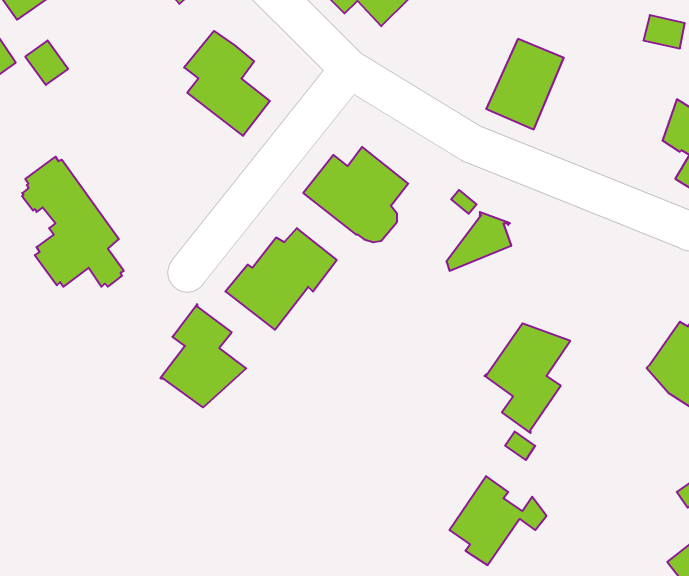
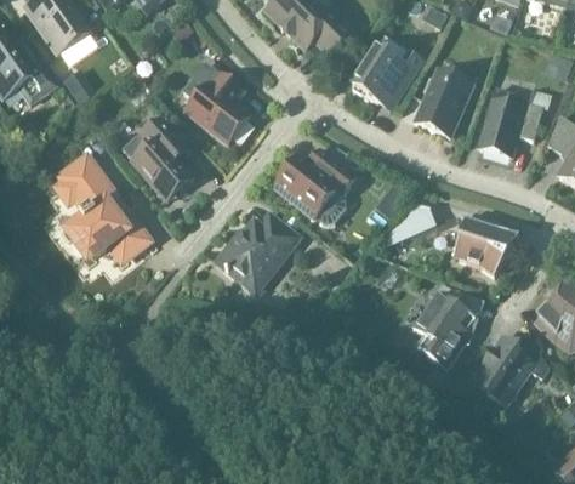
building: none -> [353,46,415,101]
building: none -> [480,87,543,156]
building: none -> [125,118,194,195]
building: none -> [455,216,520,275]
building: [160,304,246,407] -> none
building: [449,476,546,565] -> [477,336,551,404]

